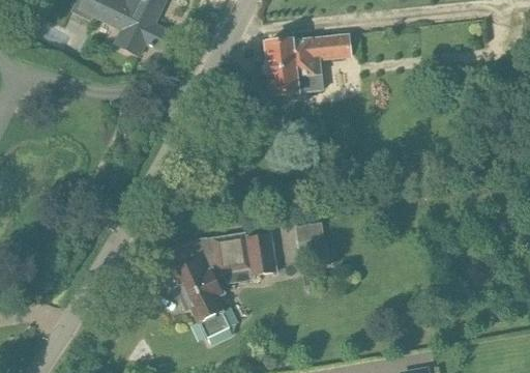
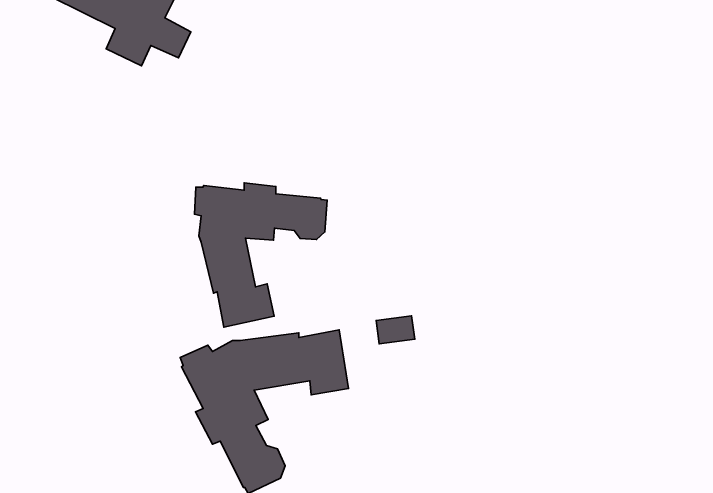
building: [264,34,350,94] -> none
building: none -> [195,183,327,327]

